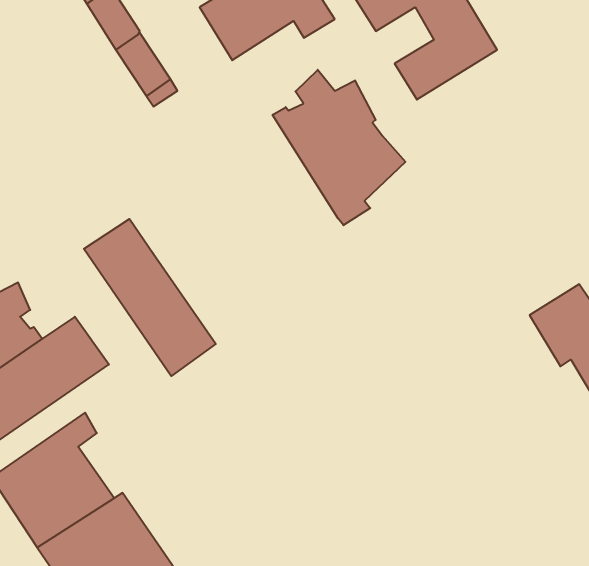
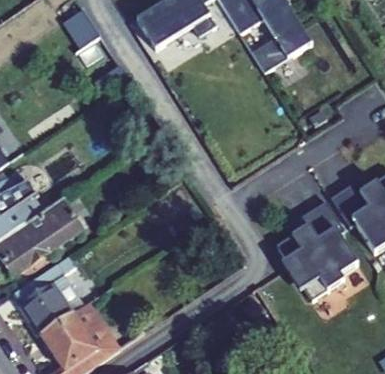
building: [273,70,405,225] -> none
building: [84,219,216,376] -> none
building: none -> [274,201,354,300]

